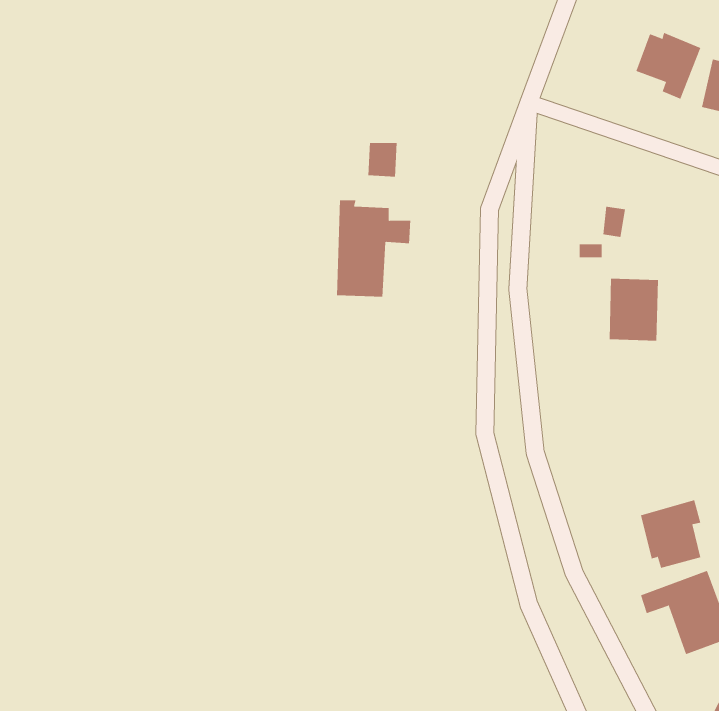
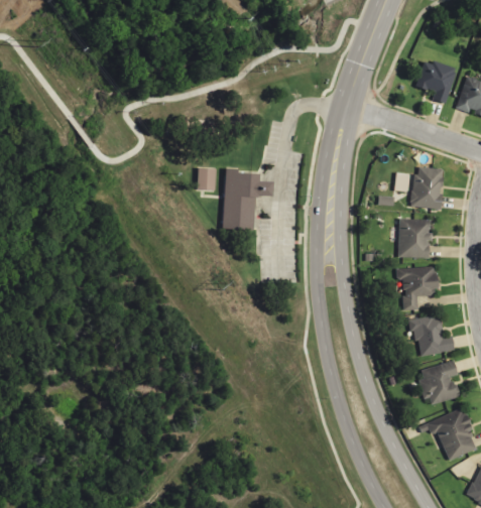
building: [368,143,397,177] -> [197,168,216,190]
building: none -> [413,167,443,209]
building: none -> [396,266,437,311]
building: none -> [413,315,455,357]

